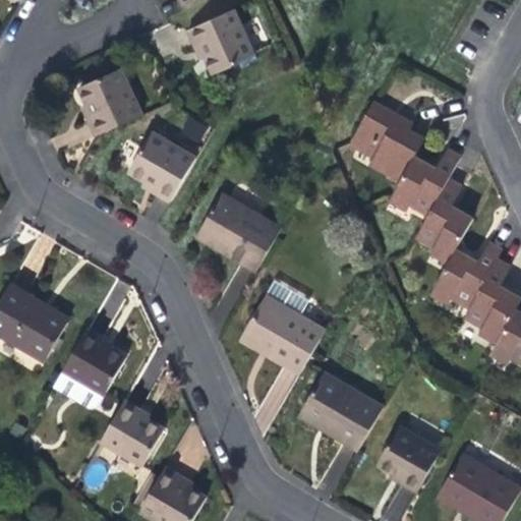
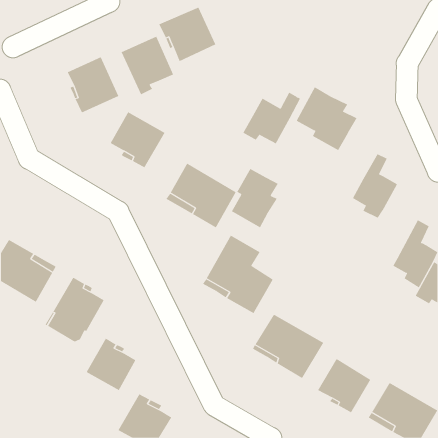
building: none -> [121,36,174,95]
building: [391,151,460,213] -> [243,92,301,144]
building: none -> [231,168,279,228]
building: [431,244,501,306] -> none

